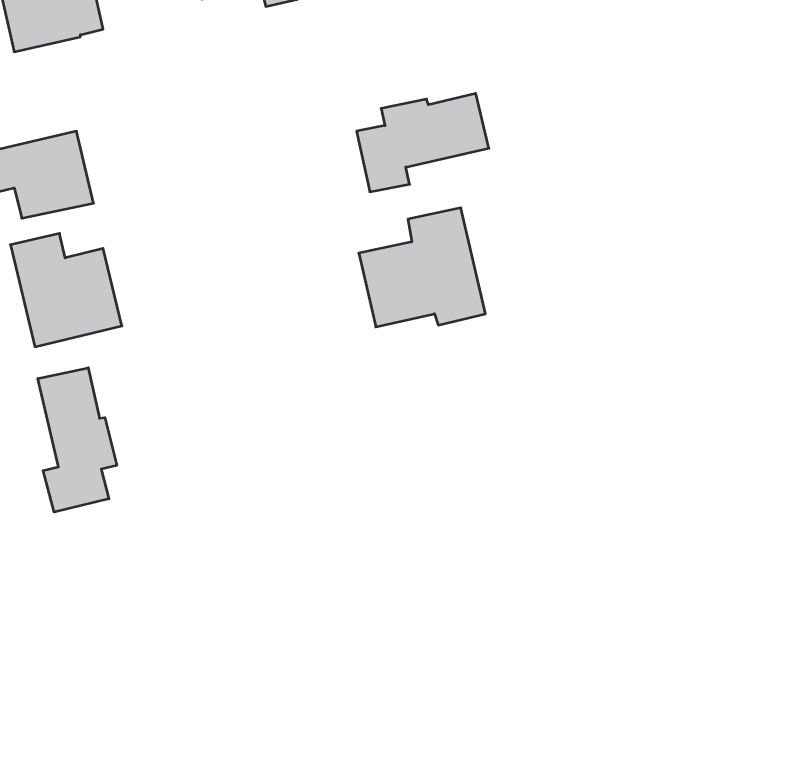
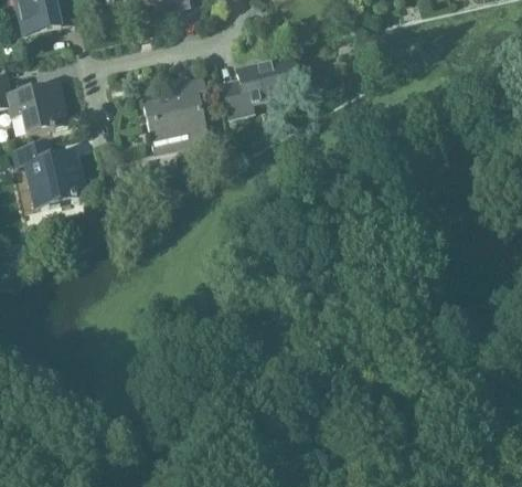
building: [359,208,485,327] -> [140,76,214,146]
building: [38,368,117,512] -> none

